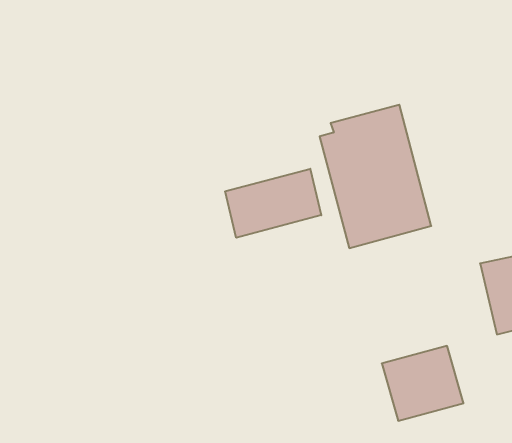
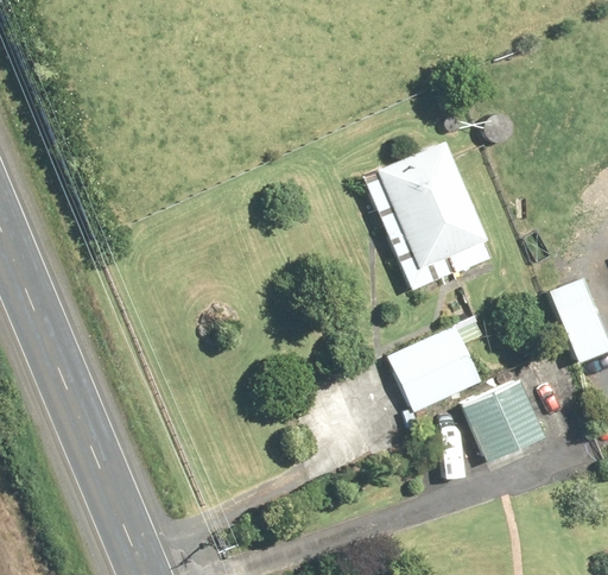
building: [225,169,321,238] -> none
building: none -> [387,326,487,412]

